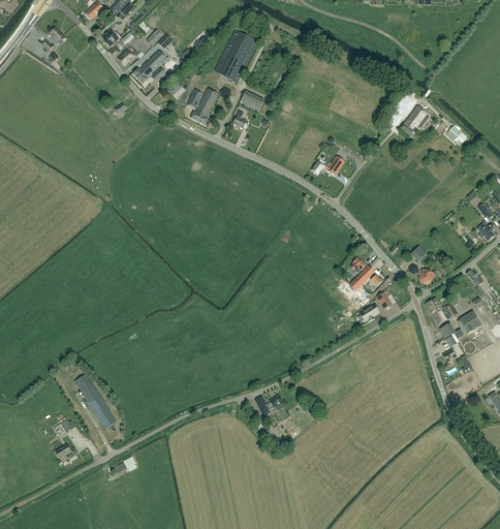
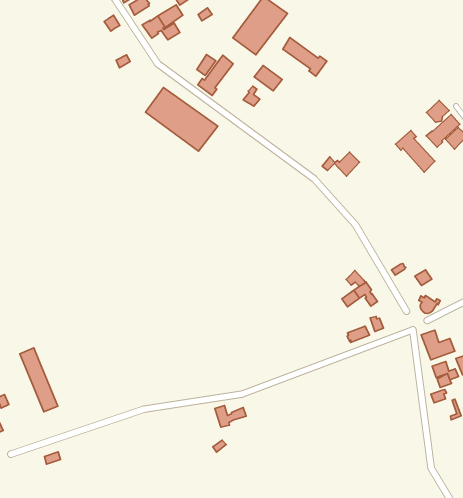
building: none -> [283,37,327,76]
building: none -> [146,87,218,151]
building: none -> [395,130,435,172]

